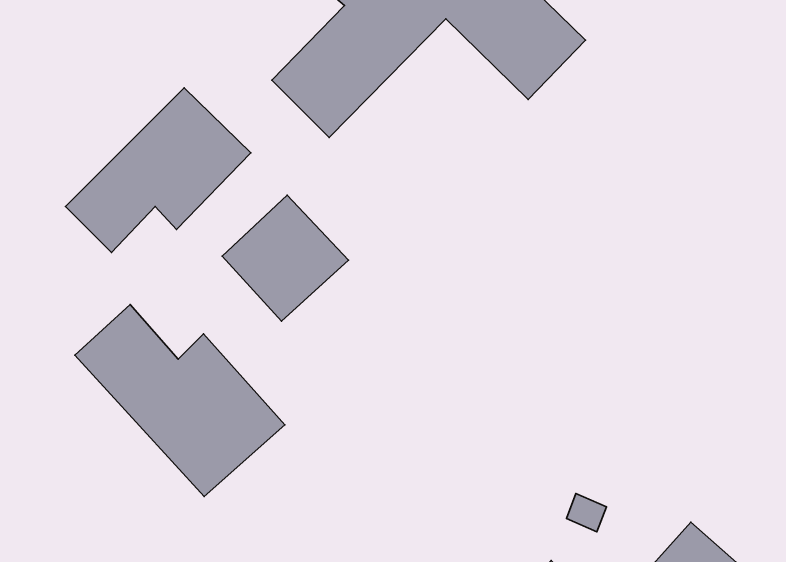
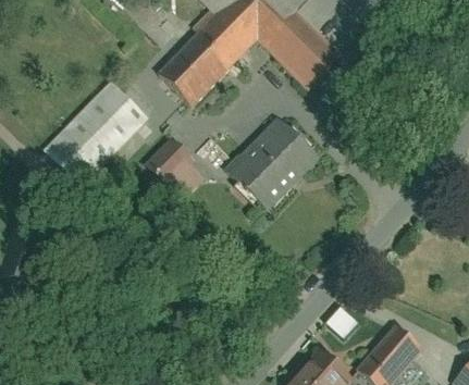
building: none -> [226,119,319,212]
building: [75,304,285,497] -> none

